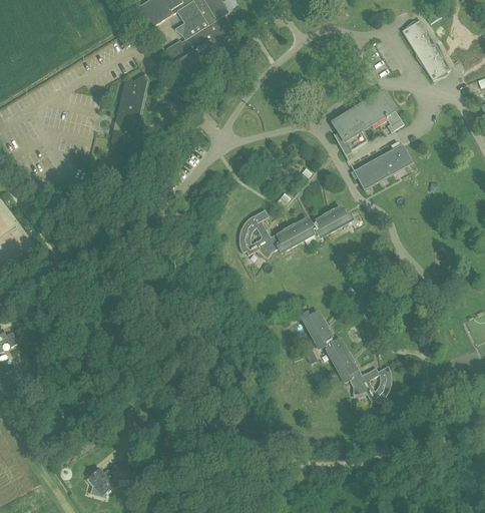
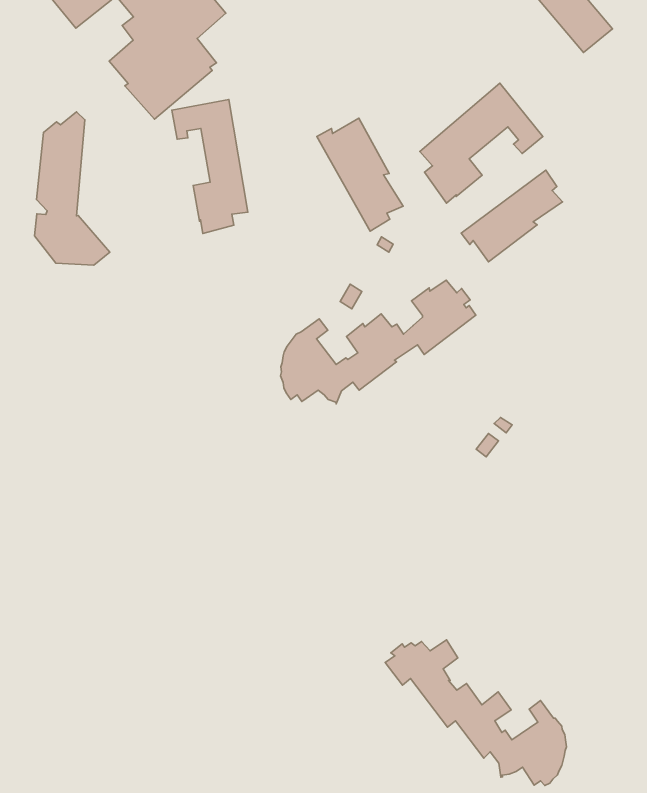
building: none -> [172,100,248,234]
building: none -> [317,118,403,231]
building: [296,312,391,402] -> [385,640,566,786]

